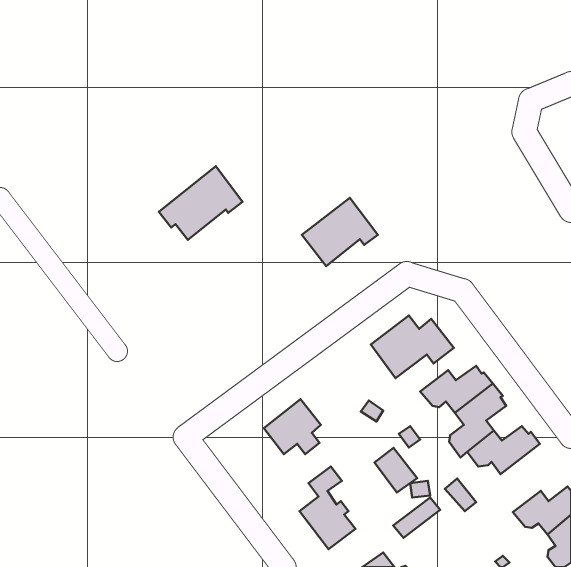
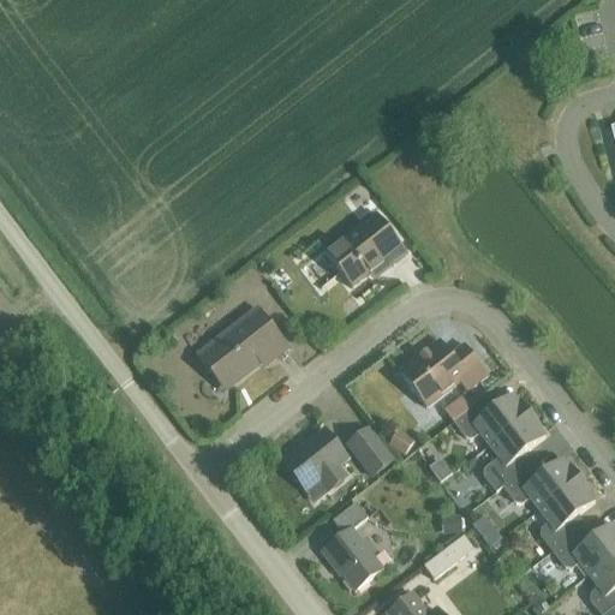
building: [159,166,243,240] -> [197,306,287,386]
building: none -> [538,477,595,550]
building: [375,448,417,493] -> [346,429,392,477]

